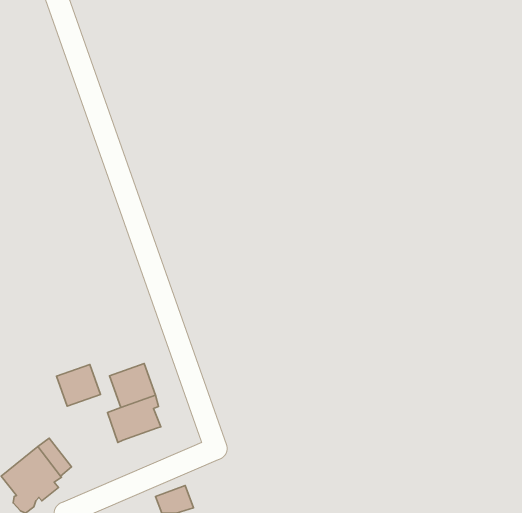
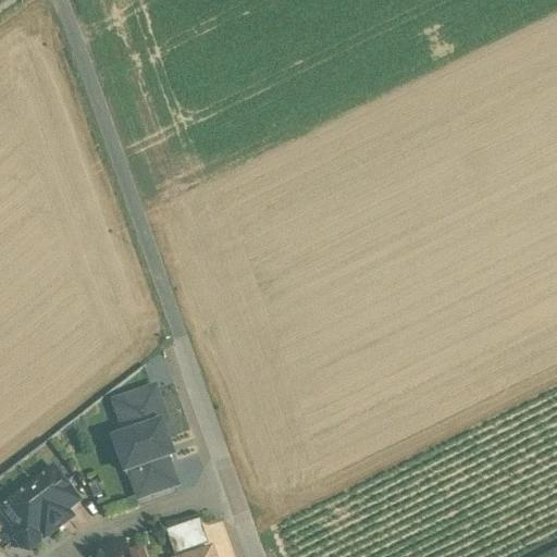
building: [56,364,101,406] -> none
building: none -> [131,455,175,493]

